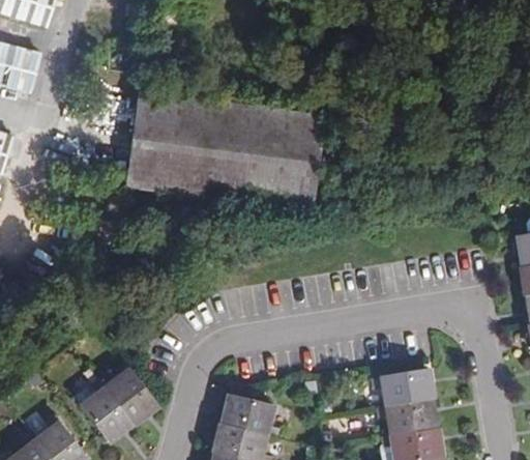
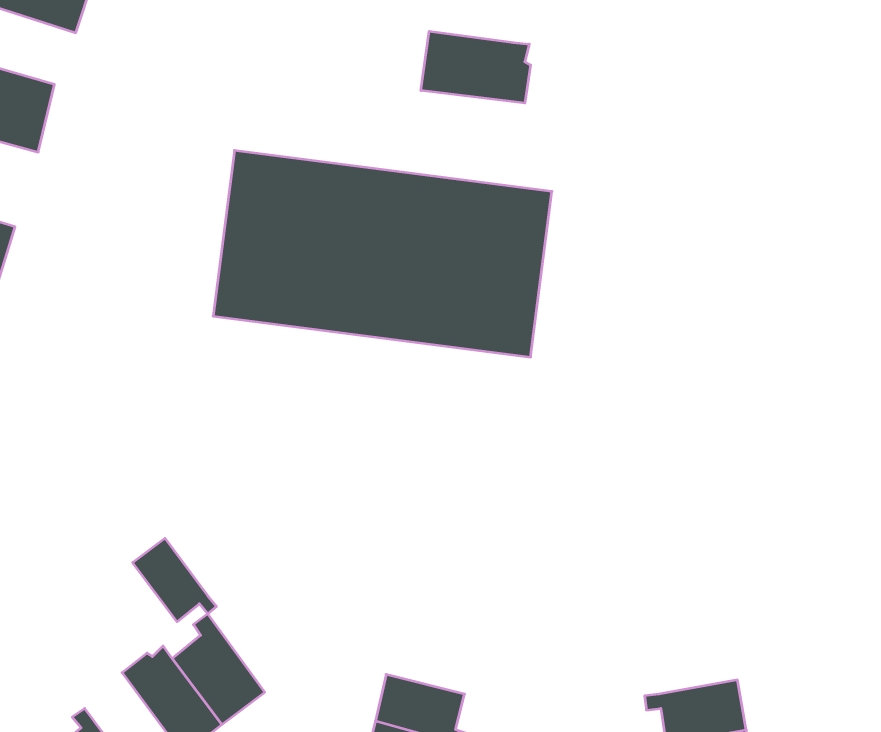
building: none -> [421,31,531,103]
building: none -> [133,538,216,622]
building: [373,370,432,407] -> none

